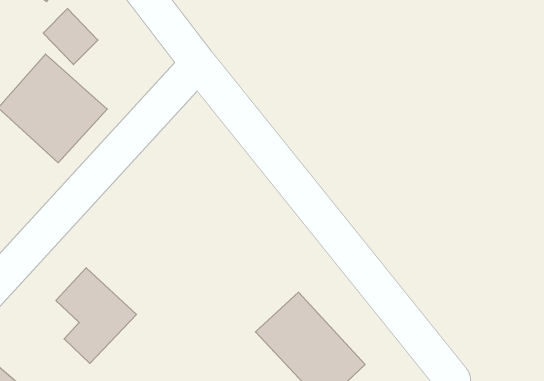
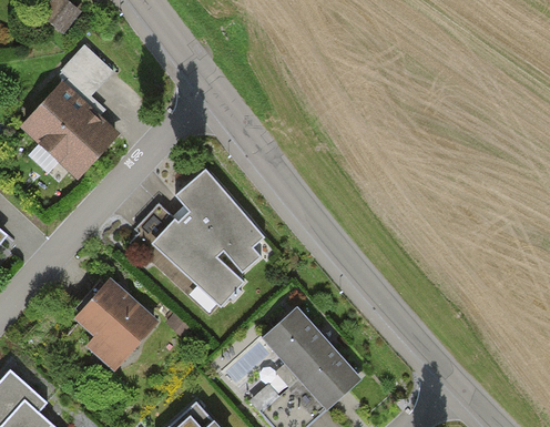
building: none -> [153,172,275,308]

